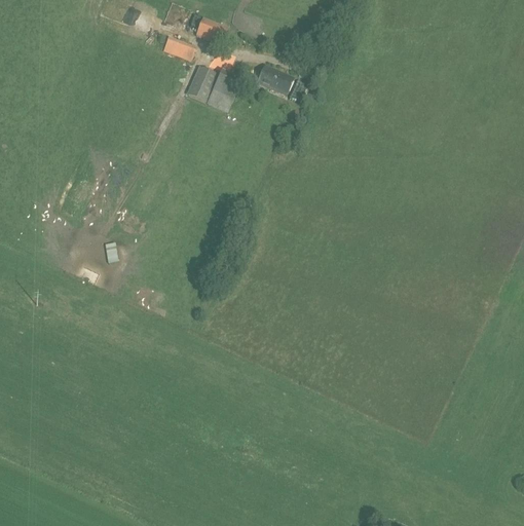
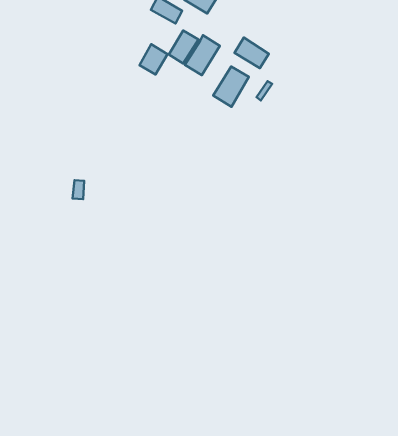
building: none -> [140,44,167,74]
building: none -> [213,67,249,107]

